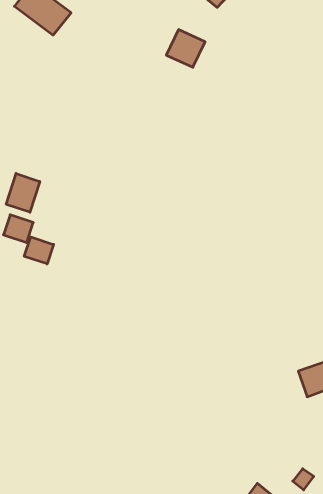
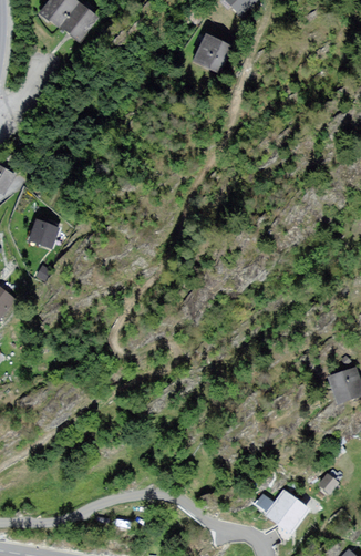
building: [6,173,40,212] -> none
building: [24,237,54,264] -> none

